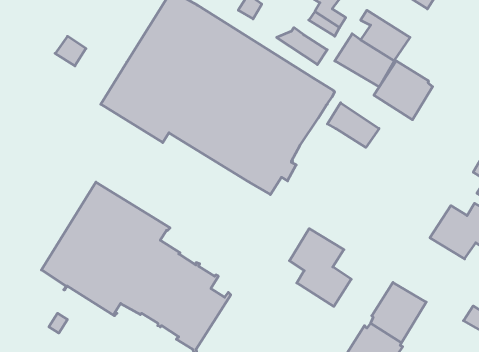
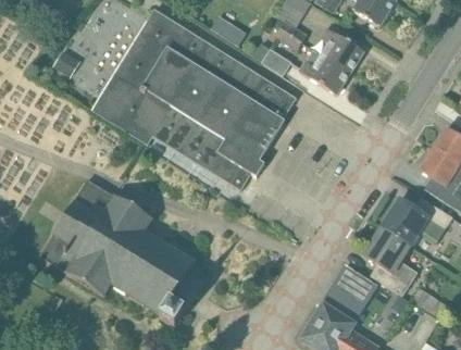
building: [374,61,433,120] -> none
building: [327,103,379,147] -> none
building: [289,229,351,306] -> [363,227,418,296]

